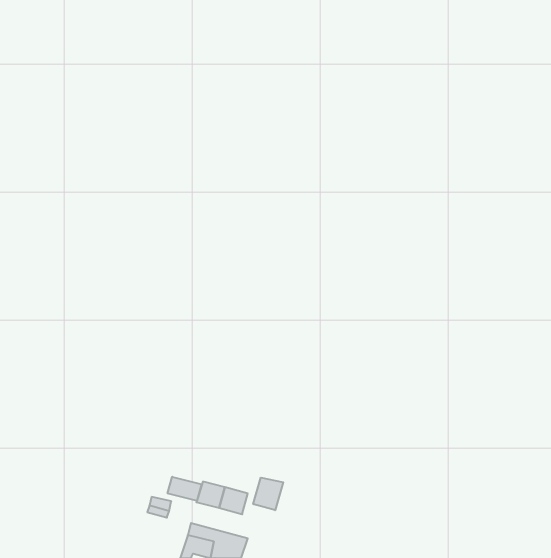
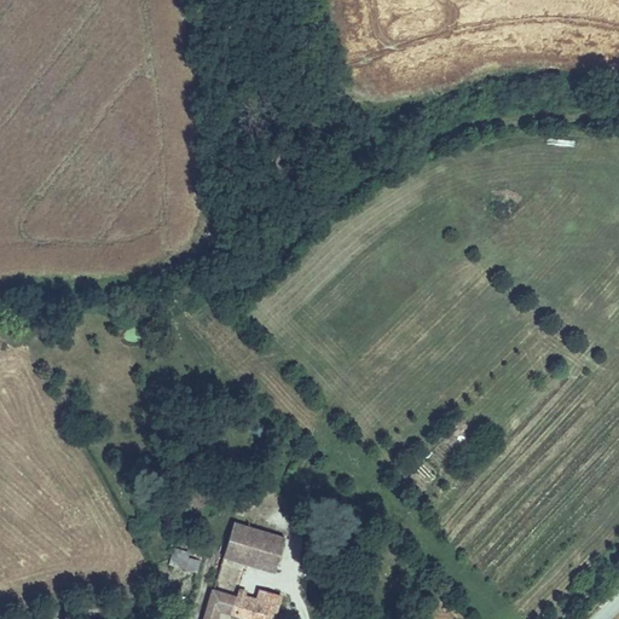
building: [168,477,202,501] -> none
building: [253,478,283,510] -> none

